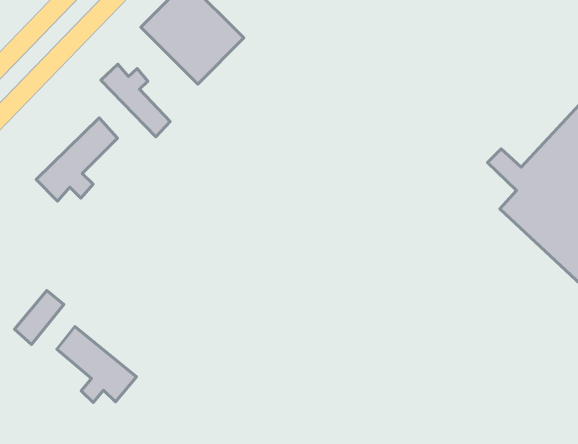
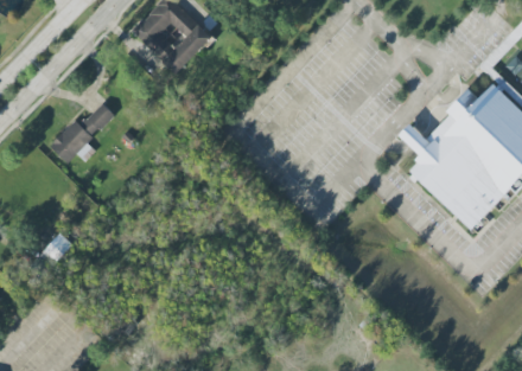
building: [101,64,170,137] -> none
building: [57,326,136,403] -> none

